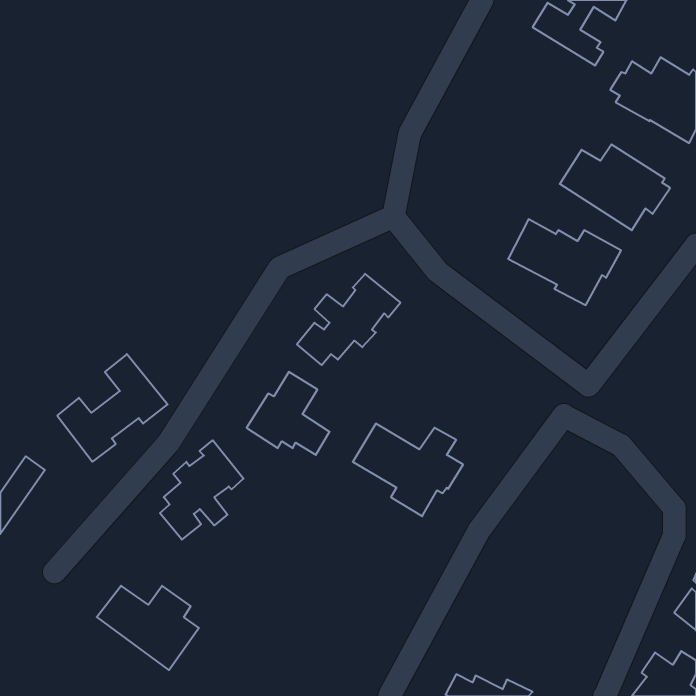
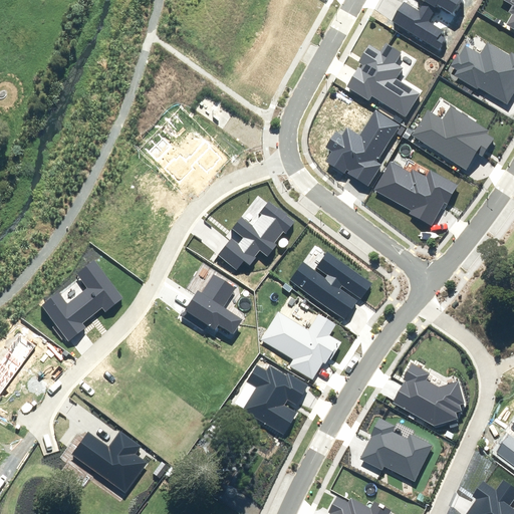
building: none -> [346,44,419,116]
building: none -> [324,112,399,187]
building: none -> [290,252,371,319]
building: [160,440,244,540] -> none
building: none -> [394,363,465,426]
building: none -> [243,364,309,435]
building: none -> [361,418,432,482]

